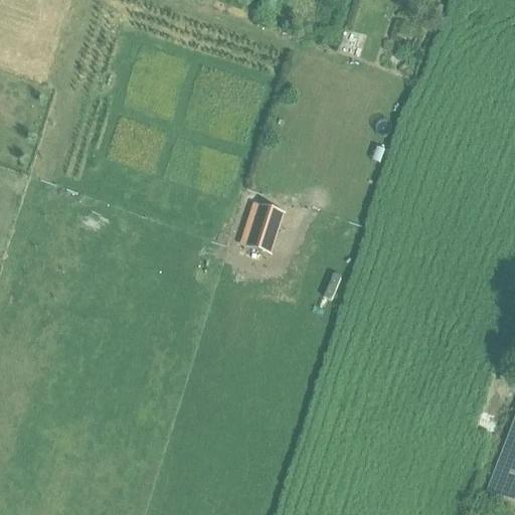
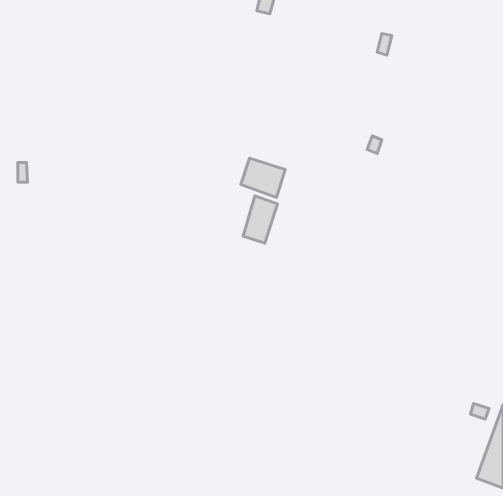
building: none -> [241,158,285,198]

